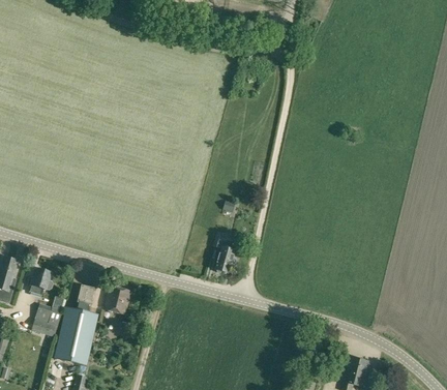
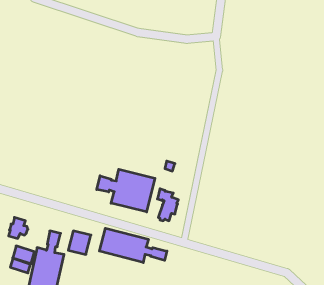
building: none -> [97,169,155,212]
building: none -> [99,228,167,263]

